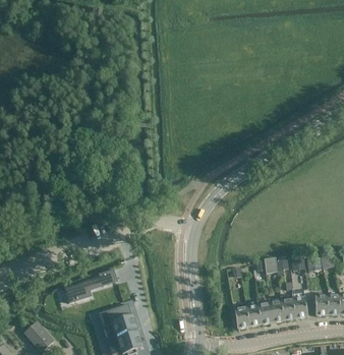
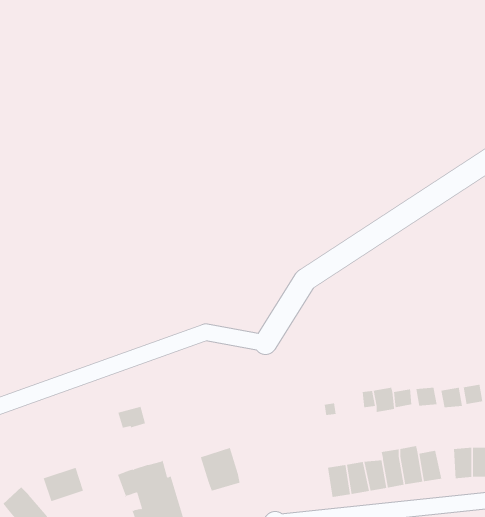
building: [64,280,91,302] -> [43,467,84,502]
building: none -> [200,447,240,491]

